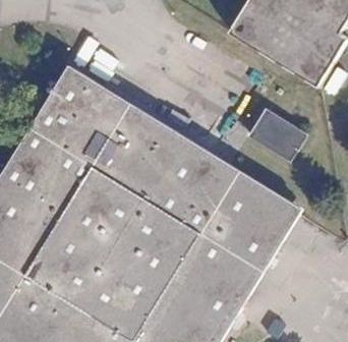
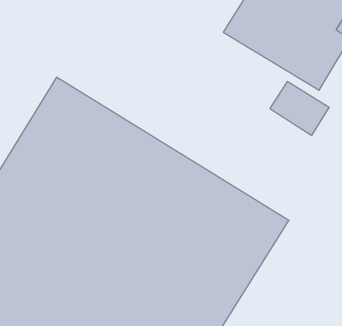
building: [251,110,307,161] -> [270,82,329,135]

